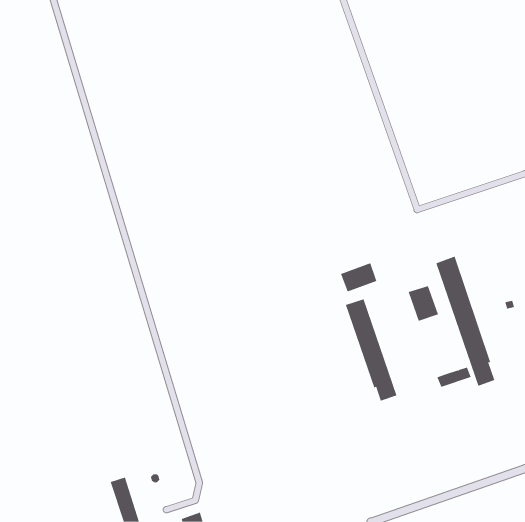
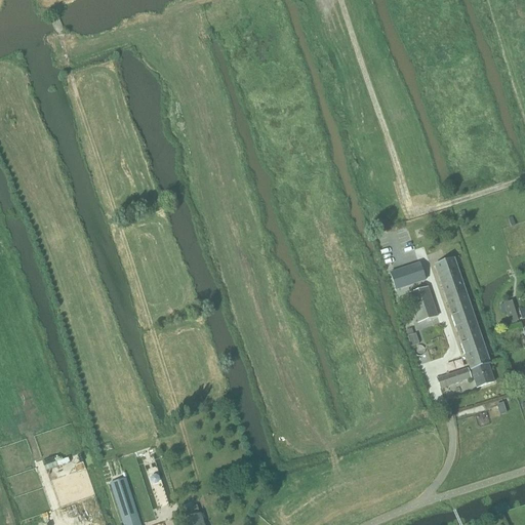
building: [340,263,377,292] -> [389,259,426,289]
building: [345,299,397,401] -> none

